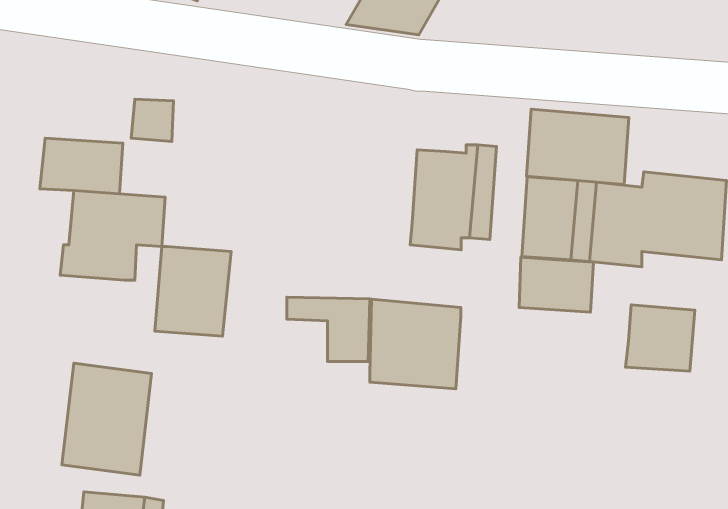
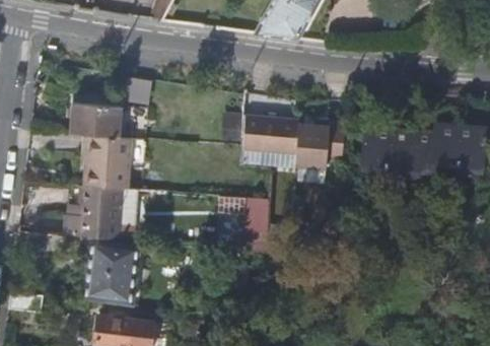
building: [527,109,629,184] -> none
building: [155,246,231,336] -> [75,186,121,239]
building: [519,257,594,312] -> none
building: [370,299,461,389] -> [241,100,296,154]
building: [626,305,695,371] -> none

